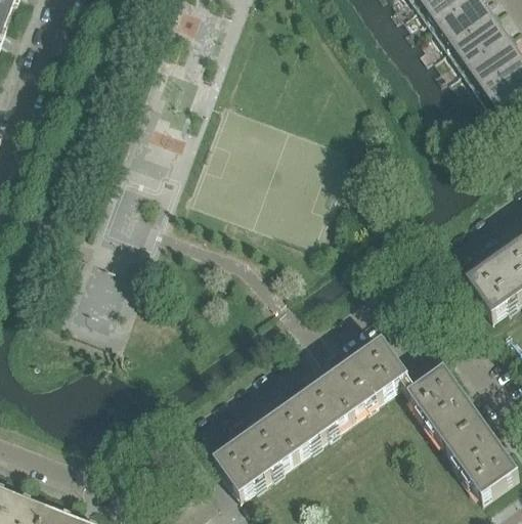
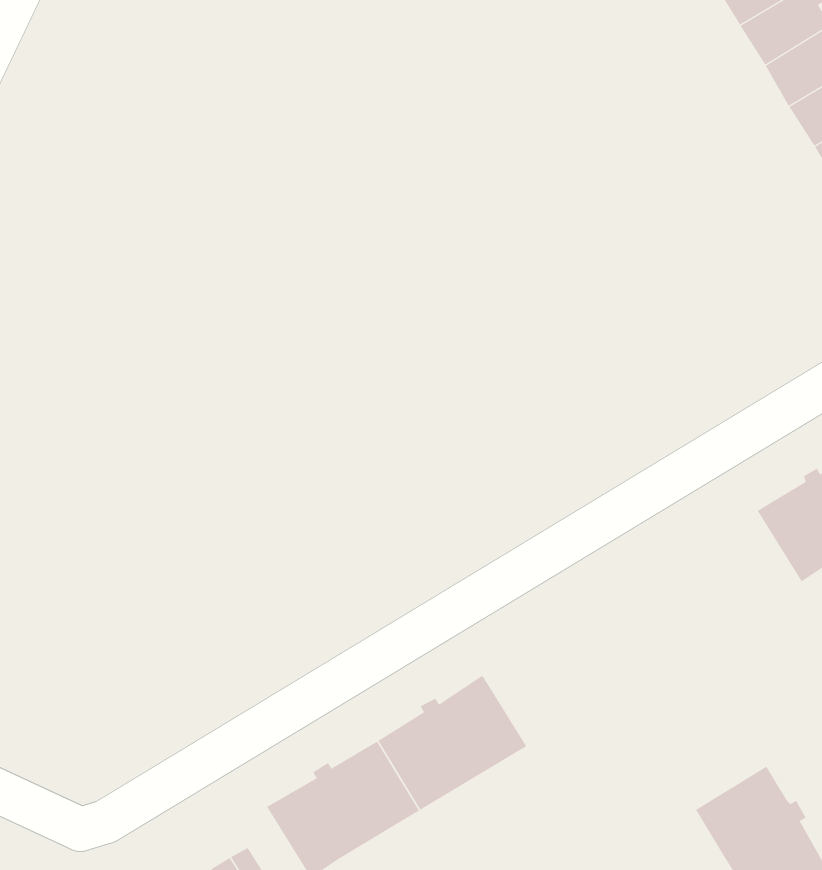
building: [322,338,405,414] -> none
building: [405,363,479,442] -> none

